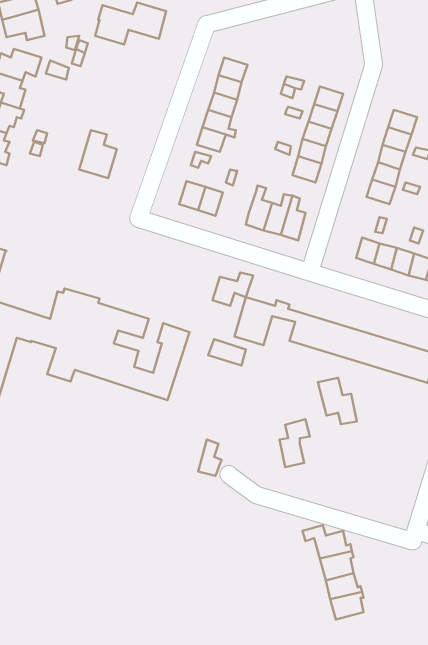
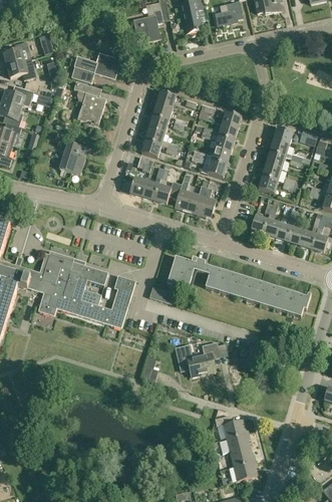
building: none -> [73,80,106,122]
building: [213,272,253,306] -> [153,181,182,204]
building: [318,378,357,424] -> [175,343,202,375]

